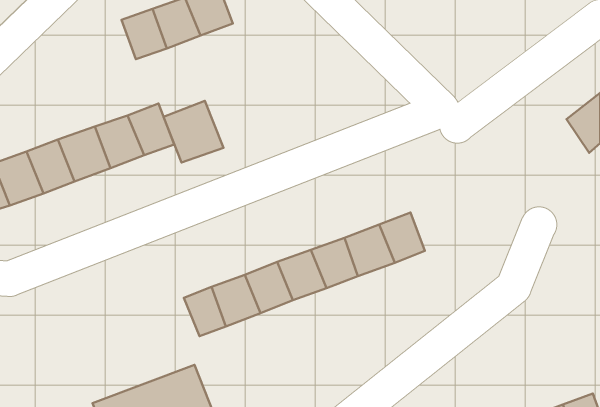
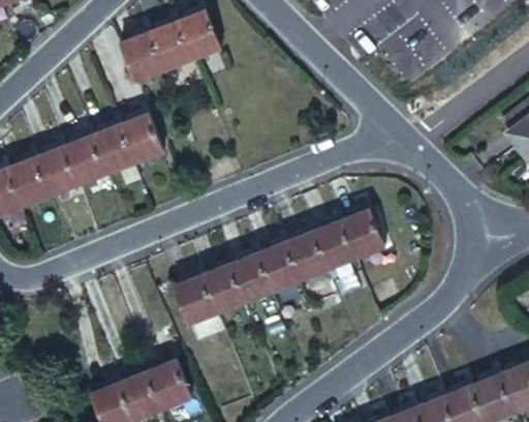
building: [164,101,224,163] -> none

